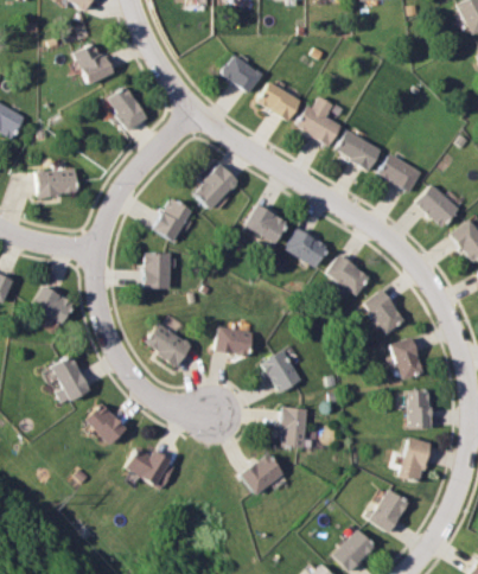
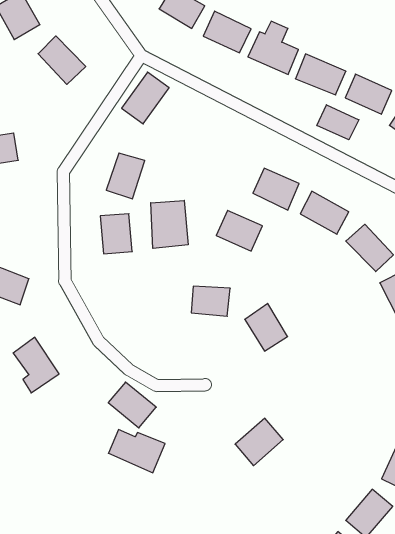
building: [192,164,237,210] -> [122,72,169,124]
building: none -> [317,105,359,140]
building: [244,204,287,243] -> [216,210,262,251]
building: none -> [151,200,188,248]
building: [145,323,193,365] -> none
building: [84,402,127,445] -> [108,382,156,428]
building: [281,407,307,447] -> none

